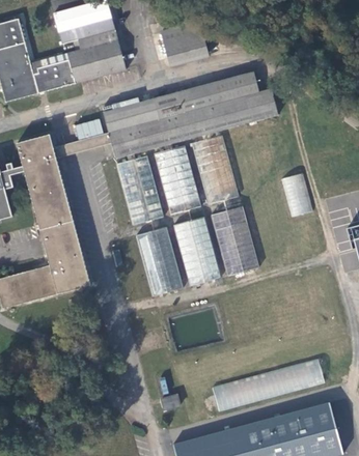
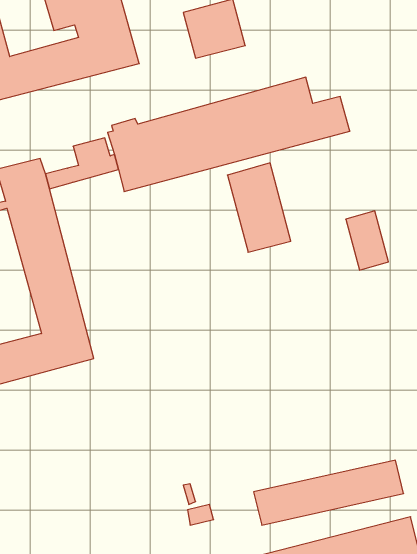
building: [153,147,199,217] -> none
building: [114,159,161,227] -> none
building: [211,207,259,275] -> none
building: [172,218,220,288] -> none
building: [134,228,181,298] -> none

